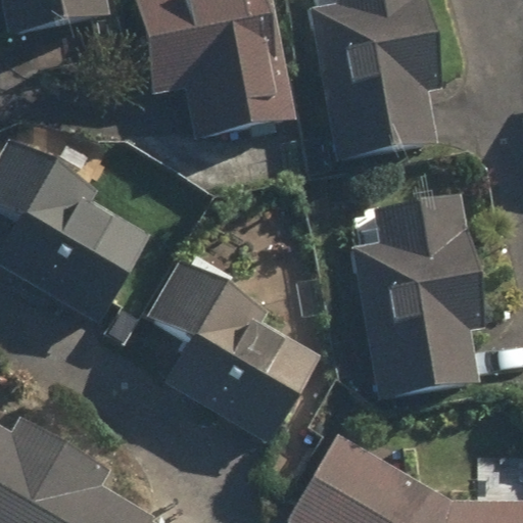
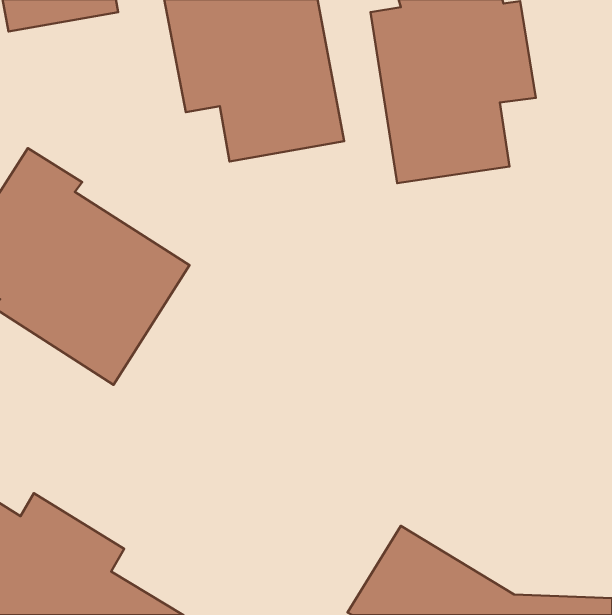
building: [353,192,484,398] -> none
building: [117,255,320,447] -> none

